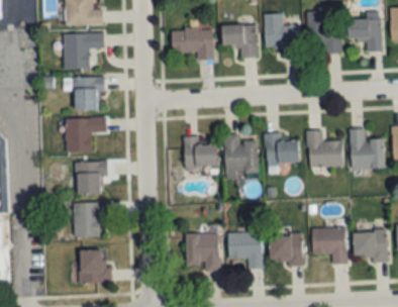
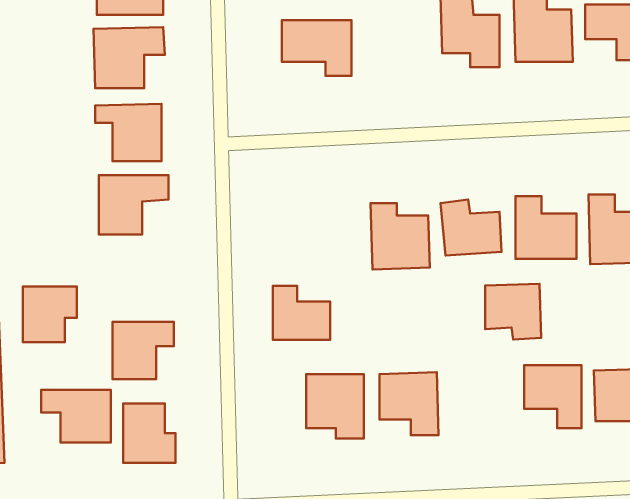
building: [223,25,257,58] -> none
building: [185,136,218,168] -> [273,286,330,340]
building: [77,163,108,195] -> [23,286,77,342]
building: [271,234,303,267] -> [485,284,541,340]
building: none -> [41,390,111,442]

